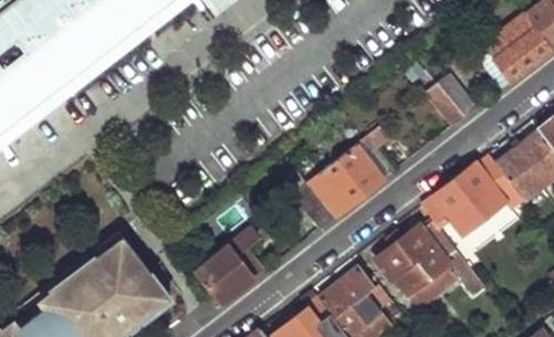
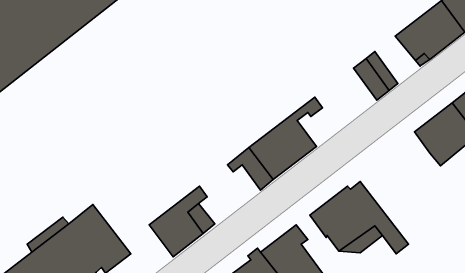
building: [421,154,513,234] -> none

